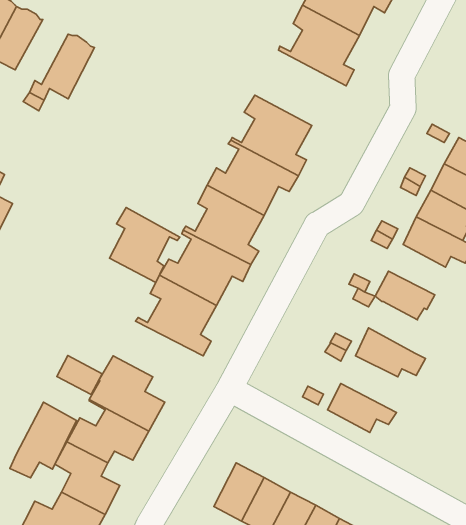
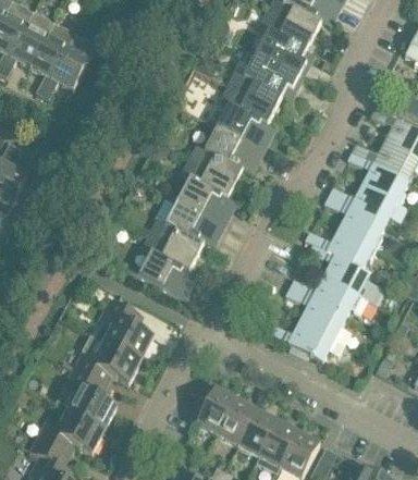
building: none -> [32,22,75,75]
building: none -> [229,47,304,109]
building: [109,207,180,282] -> none
building: none -> [339,207,385,248]
building: none -> [322,254,369,296]
building: [57,356,102,395] -> none
building: none -> [299,298,353,345]
building: [10,402,77,478] -> none

